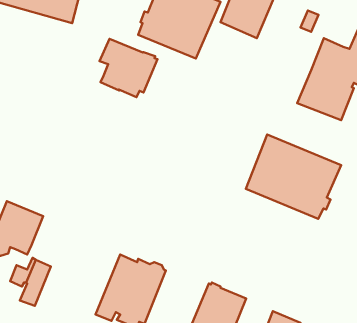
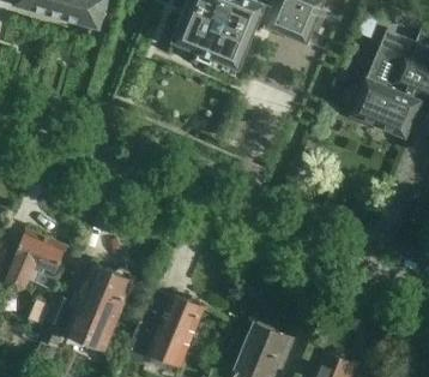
building: [99,39,157,97] -> none
building: [246,135,341,219] -> none
building: none -> [67,264,139,349]

